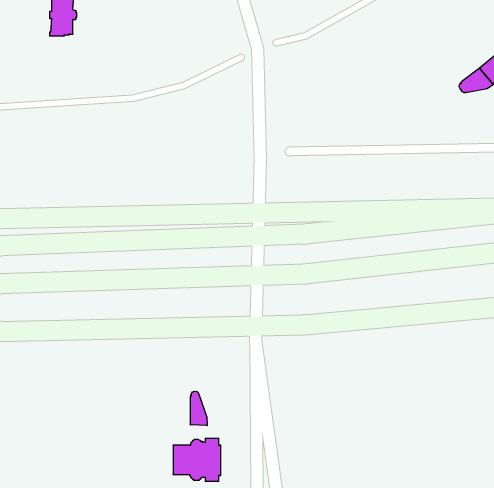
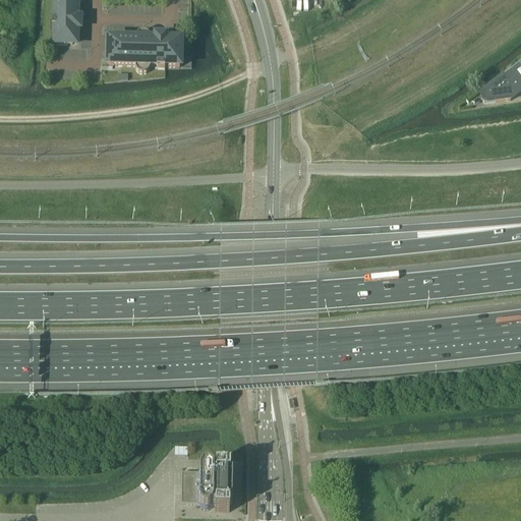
building: none -> [110,24,184,67]
building: [190,391,207,426] -> none

